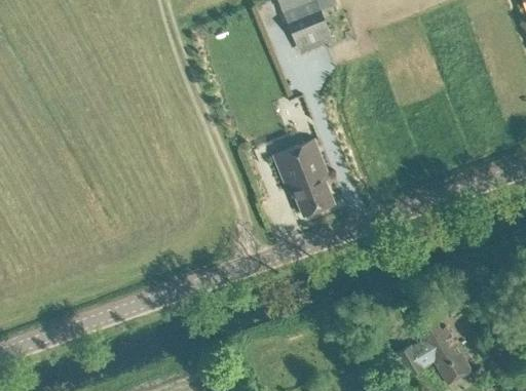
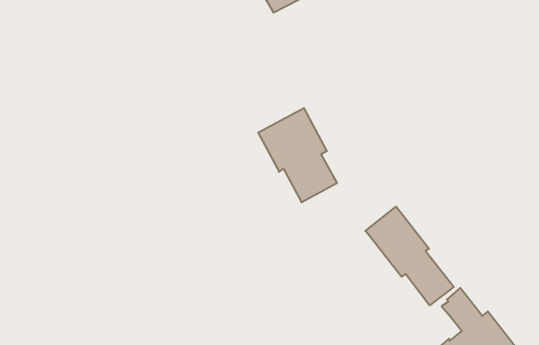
building: none -> [365,207,454,305]

